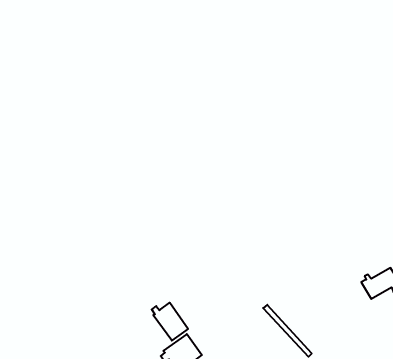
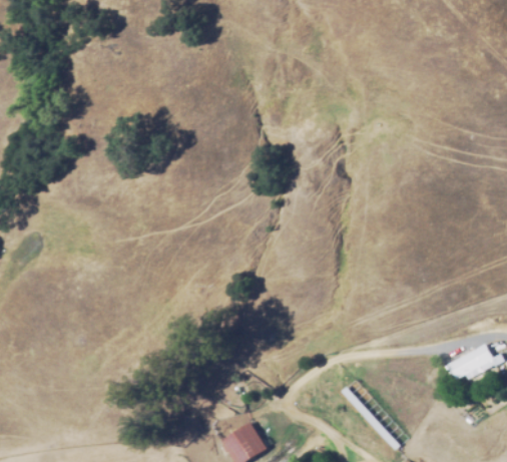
building: [152,303,188,341] -> none

